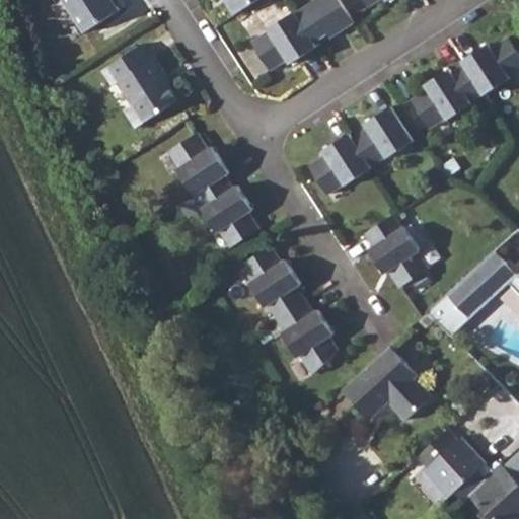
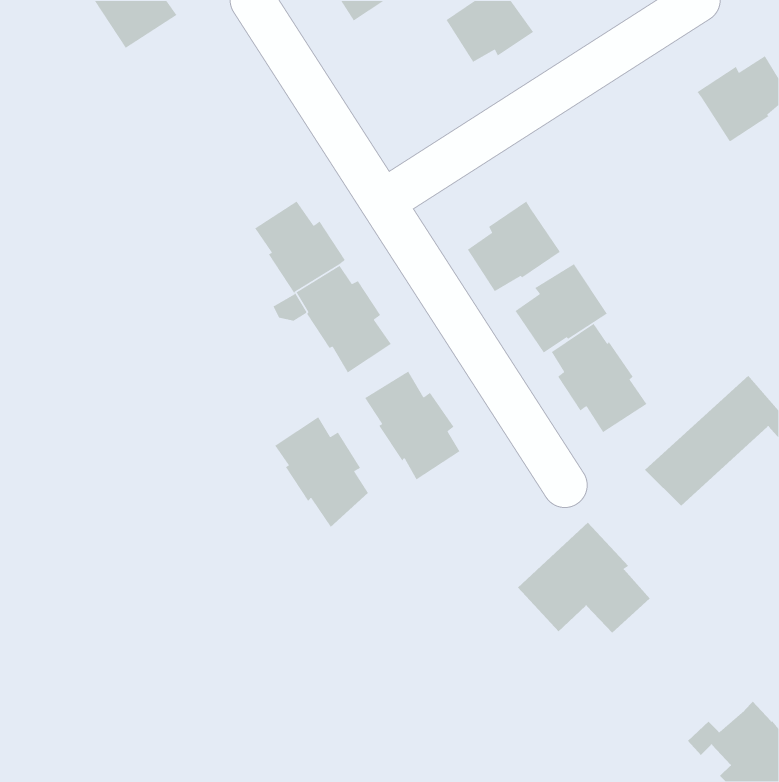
building: [252,12,316,70] -> none
building: [101,44,176,127] -> none
building: [411,65,483,128] -> none
building: [352,106,414,166] -> [514,263,608,354]
building: [276,299,339,373] -> [274,416,369,528]
building: [418,429,493,497] -> none

